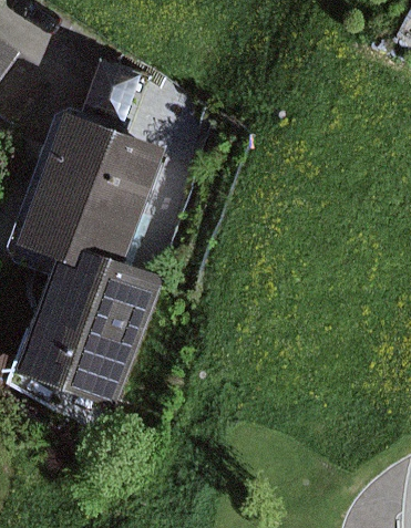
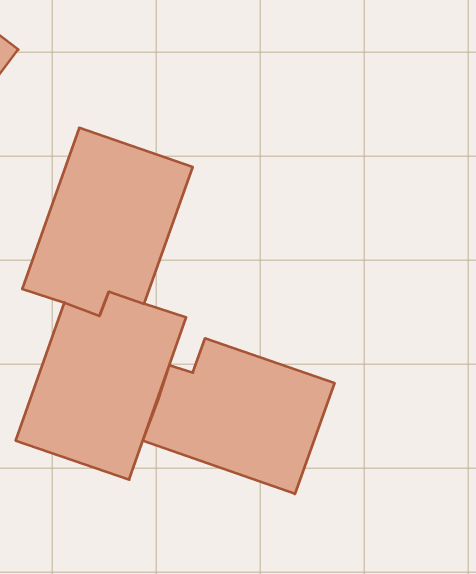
building: none -> [143,338,334,494]

